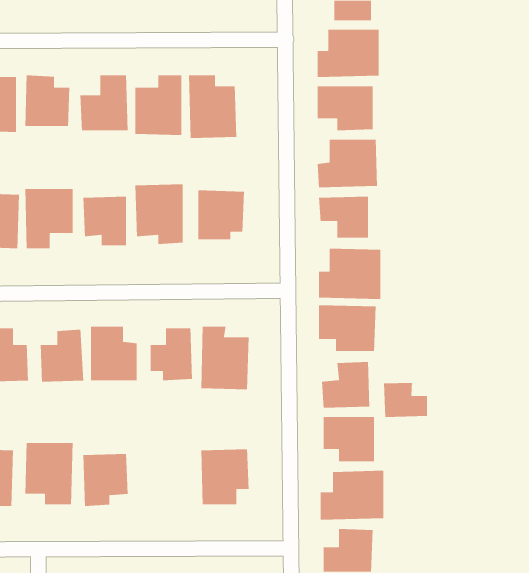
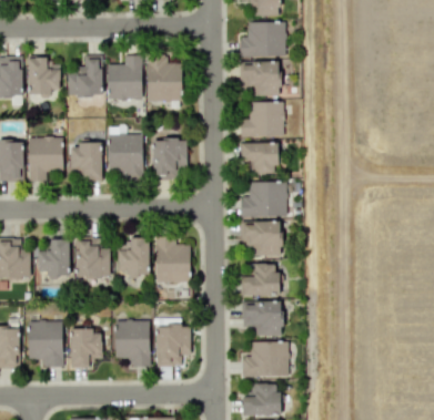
building: [383,382,428,418] -> none
building: none -> [113,320,149,366]

